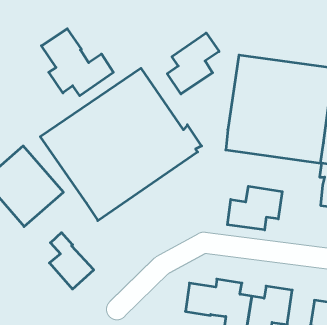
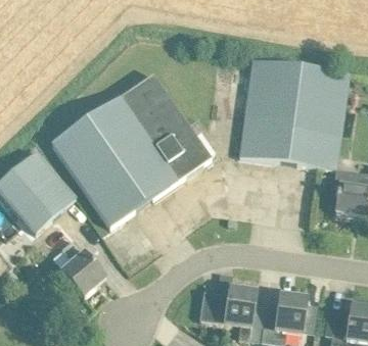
building: [41,29,113,96] -> none
building: [167,33,219,94] -> none
building: [227,186,282,230] -> none

